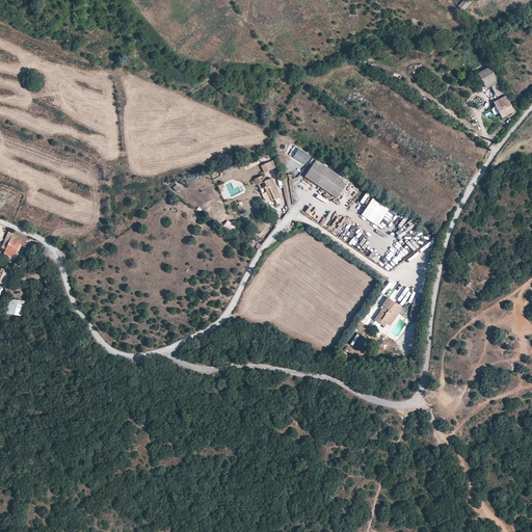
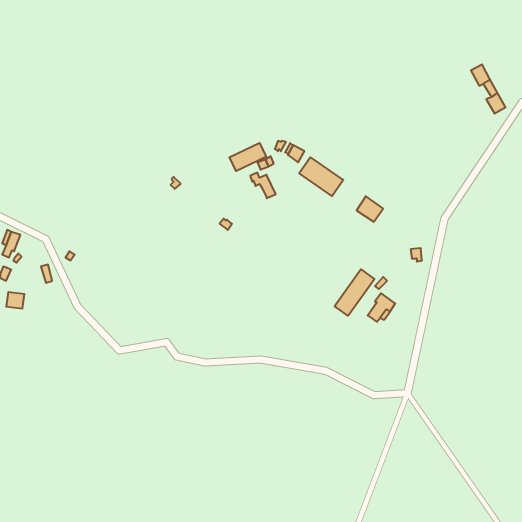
building: none -> [230,143,266,171]
building: none -> [335,269,374,316]

